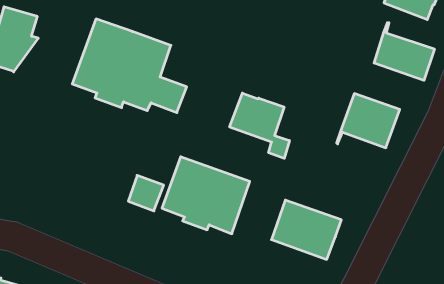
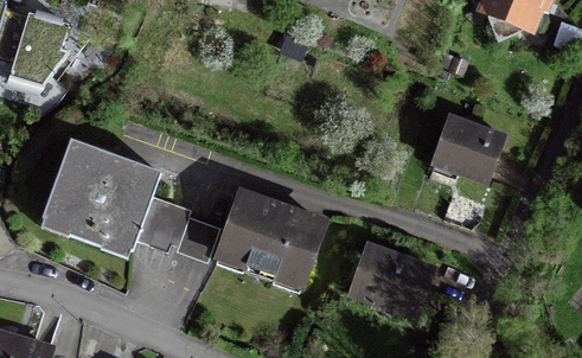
building: [72,19,187,113] -> [40,140,178,252]
building: [374,23,434,80] -> none
building: [230,93,289,158] -> none

